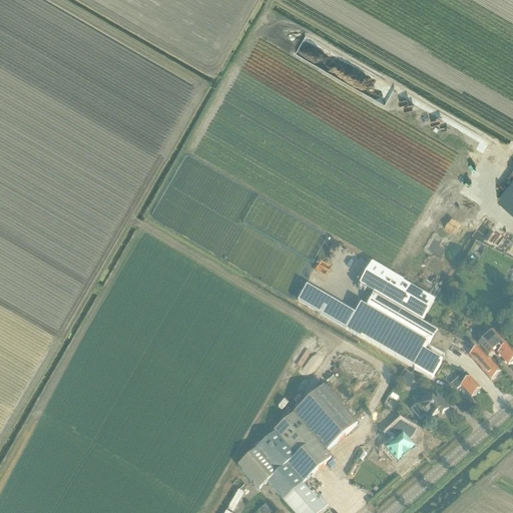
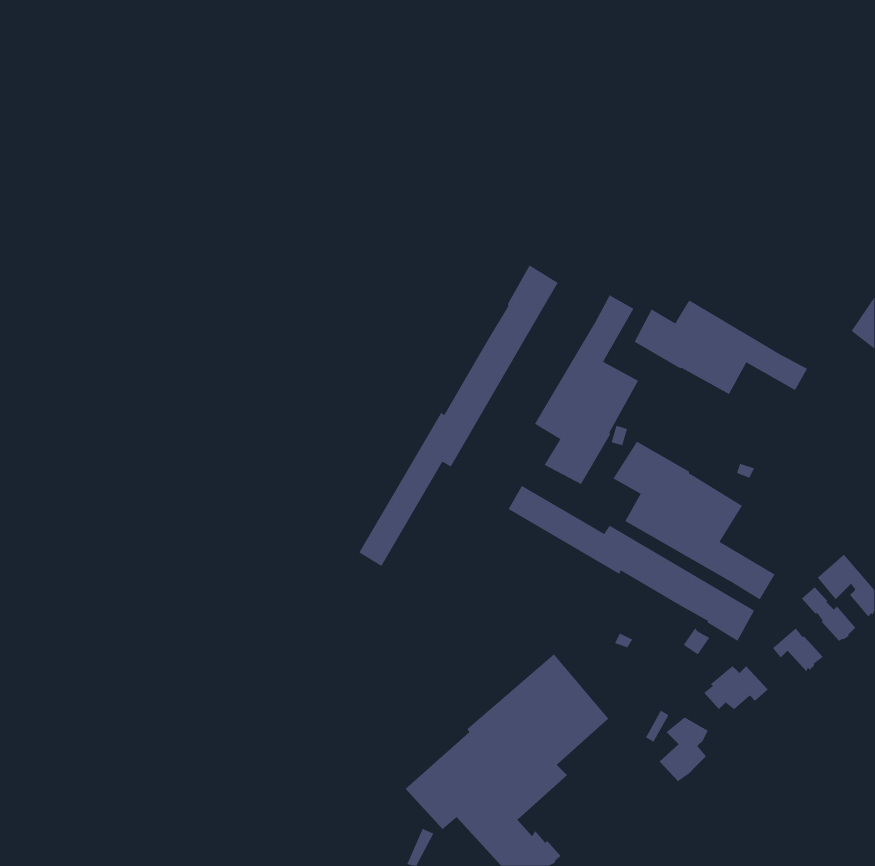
building: none -> [359,264,558,567]
building: none -> [534,295,639,485]
building: none -> [634,300,808,395]

